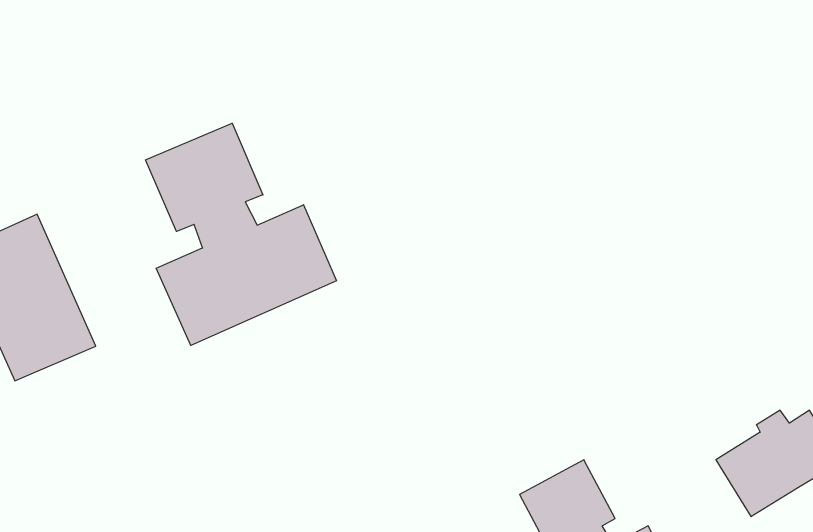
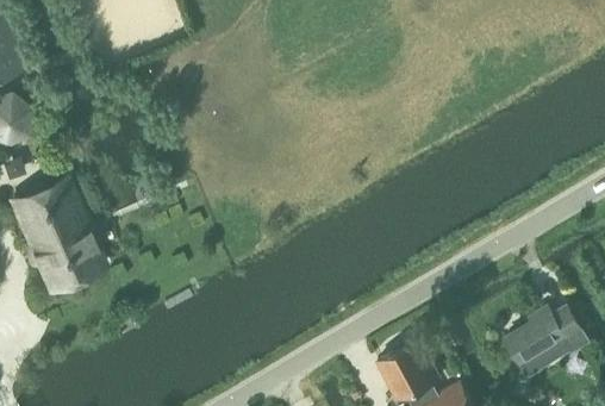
building: [146,123,336,345] -> none

